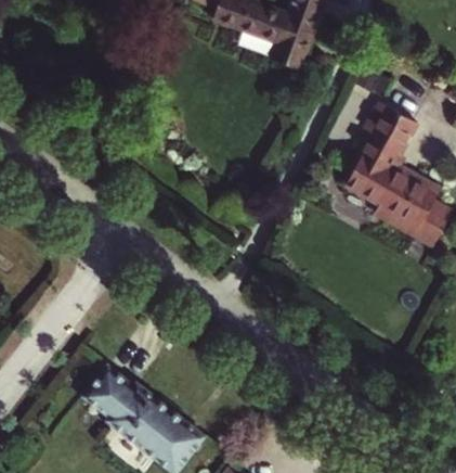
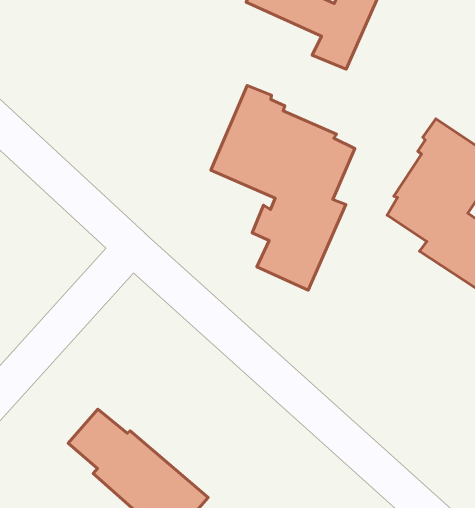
building: none -> [211,85,355,290]

